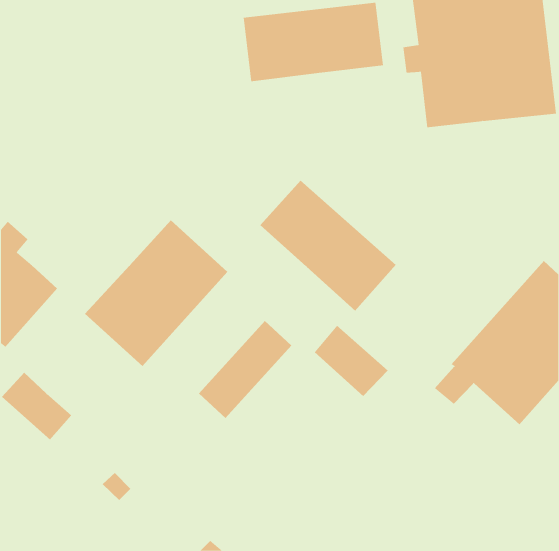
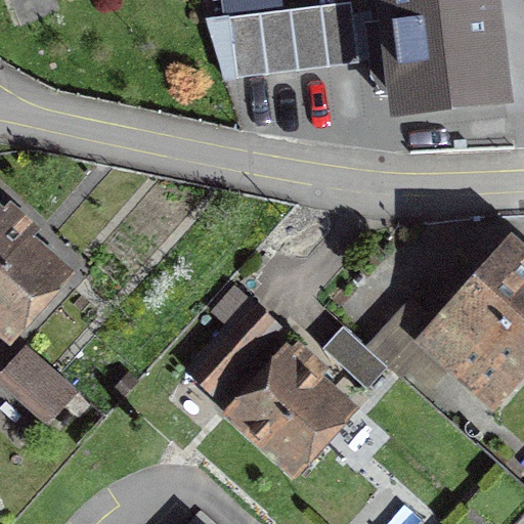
building: [260,180,397,311] -> none
building: [84,220,228,367] -> none
building: none -> [230,341,341,462]

